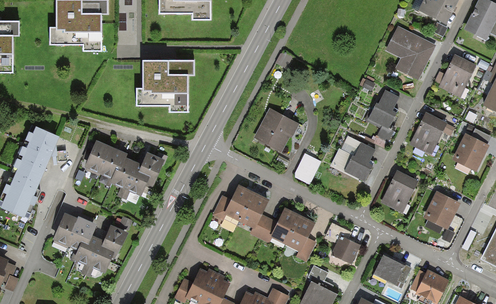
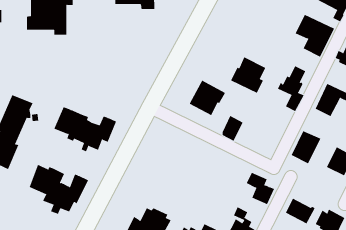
building: [135,60,194,112] -> none
building: [330,135,375,181] -> [230,57,266,93]
building: [212,184,316,262] -> none

